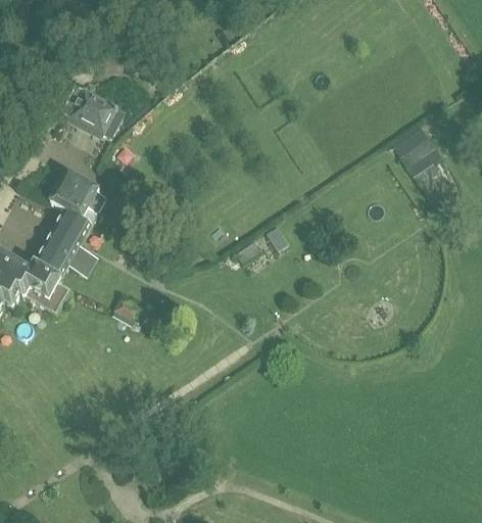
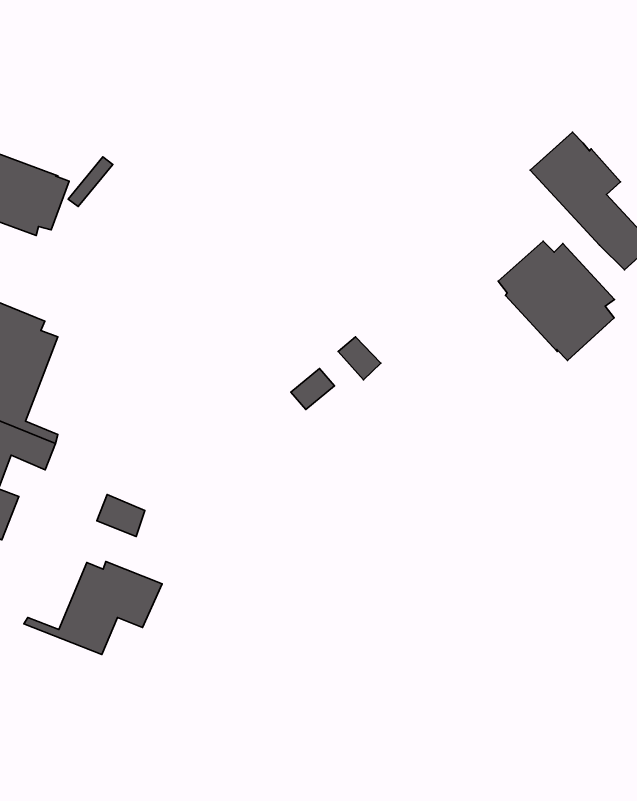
building: none -> [498,241,615,361]
building: none -> [24,562,162,655]

